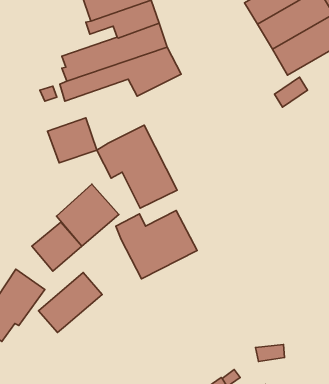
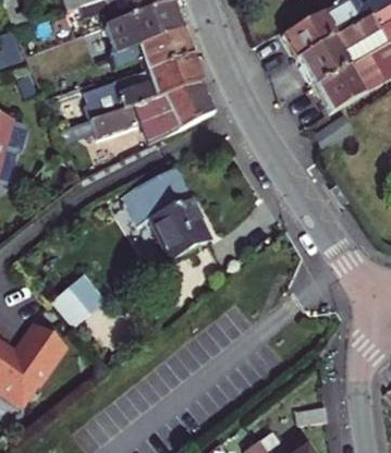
building: [47,118,97,163] -> none
building: [56,184,119,246] -> none
building: [116,210,197,279] -> none
building: [39,273,102,333] -> none

